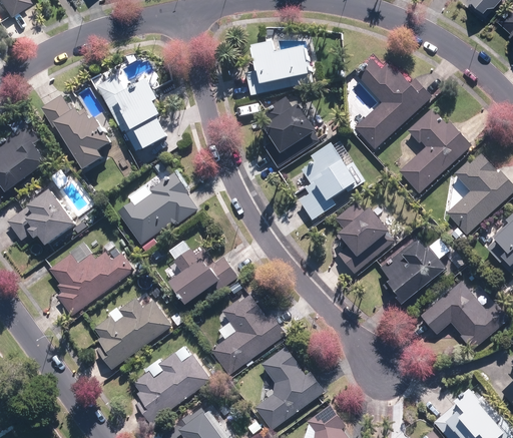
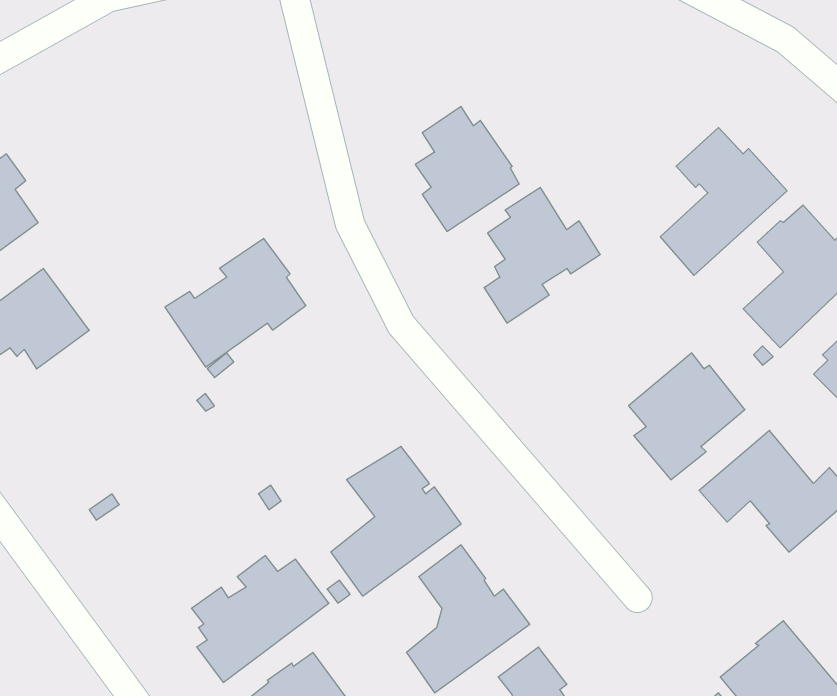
building: [245,41,313,94] -> none
building: [354,58,432,148] -> none
building: [97,75,165,150] -> none
building: [40,94,111,169] -> none
building: [335,201,395,273] -> none
building: [167,248,238,305] -> none
building: [49,251,133,315] -> none
building: [94,297,171,369] -> none

